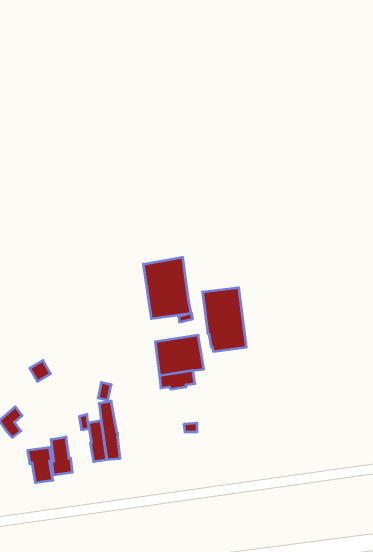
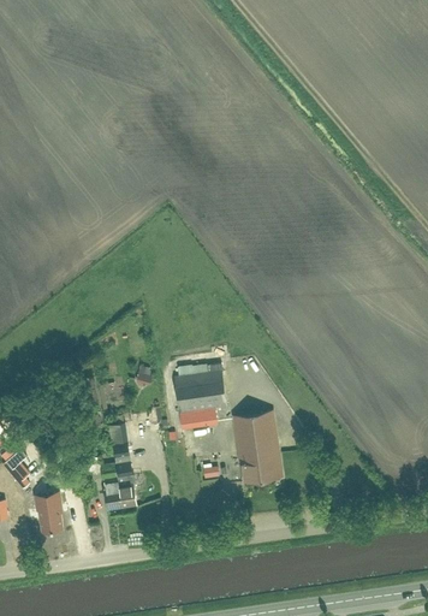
building: [143,257,191,319] -> none
building: [202,288,246,351] -> [233,413,281,482]
building: [51,437,72,475] -> none

